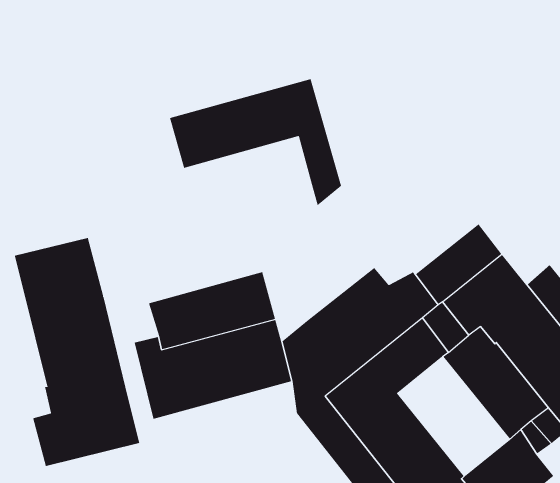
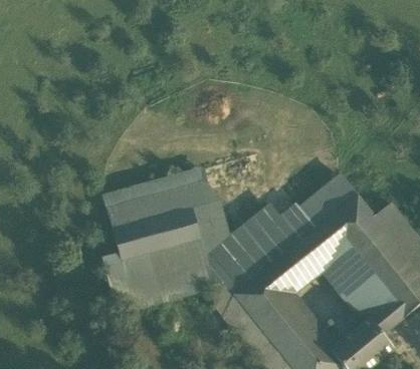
building: [169,79,342,206] -> [104,164,224,253]
building: [14,237,140,467] -> none

